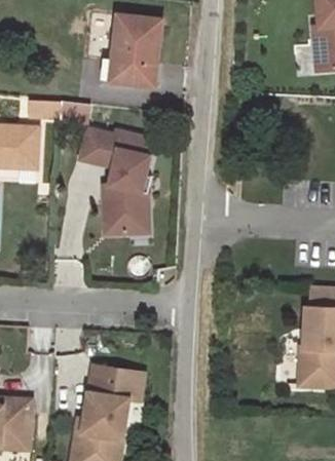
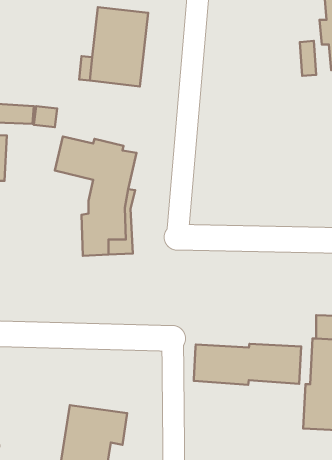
building: none -> [194,344,301,385]

